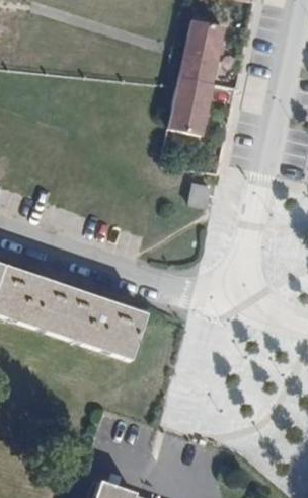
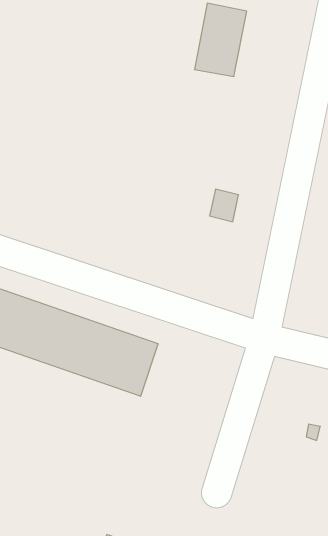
building: [168,75,213,134] -> none

